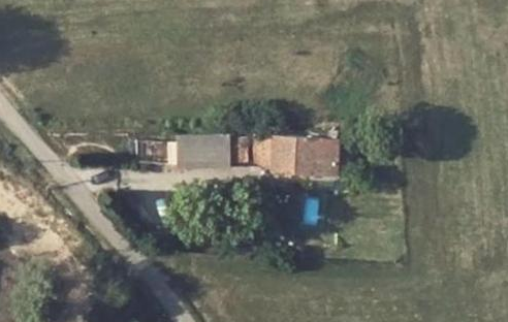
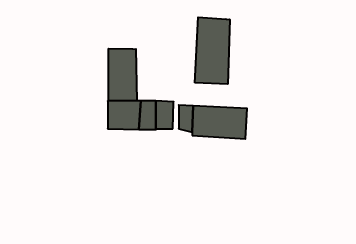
building: none -> [195,17,230,84]
building: none -> [109,49,137,101]

